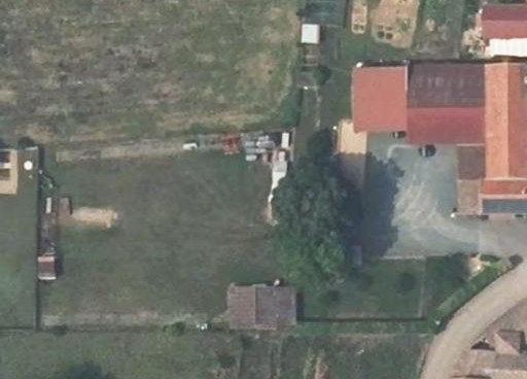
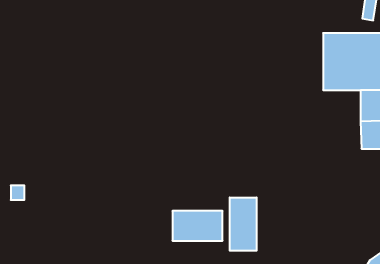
building: [356,68,410,129] -> none
building: none -> [230,197,257,251]

